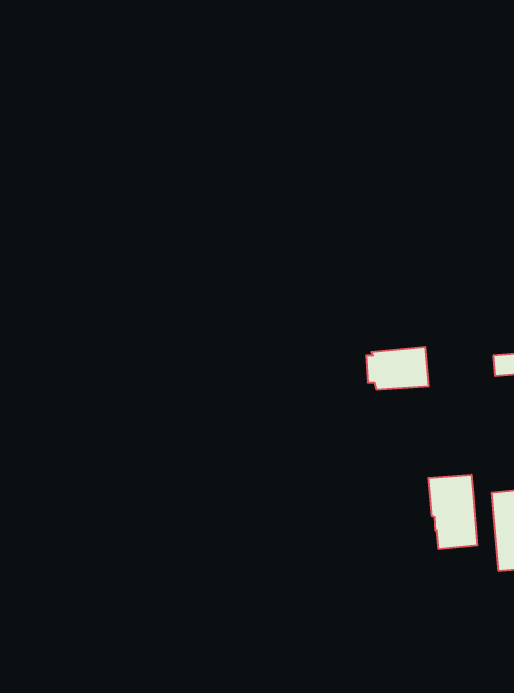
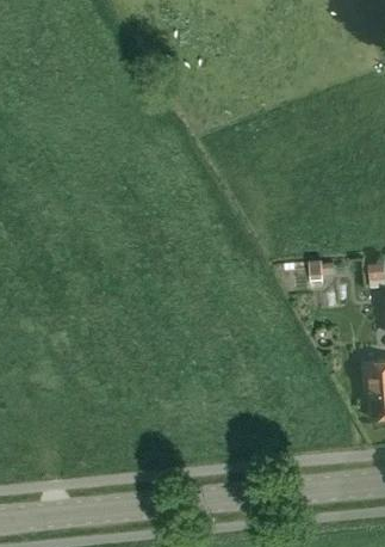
building: [429,475,477,549] -> none

